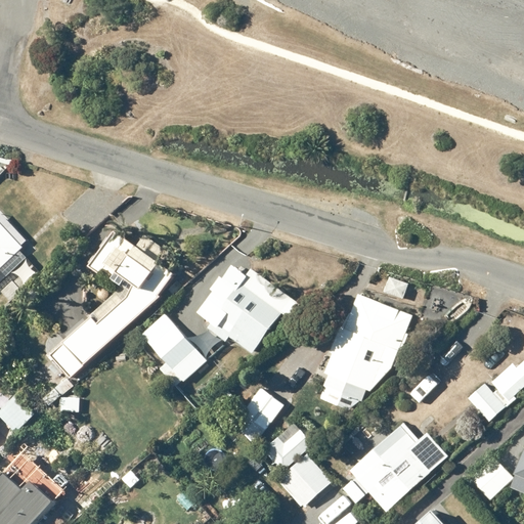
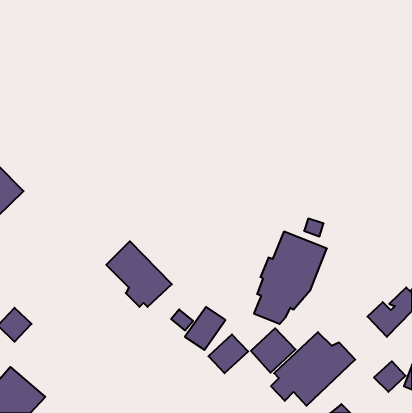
building: [51,230,178,377] -> none
building: [199,263,289,350] -> none
building: [277,453,334,510] -> [251,328,296,373]

